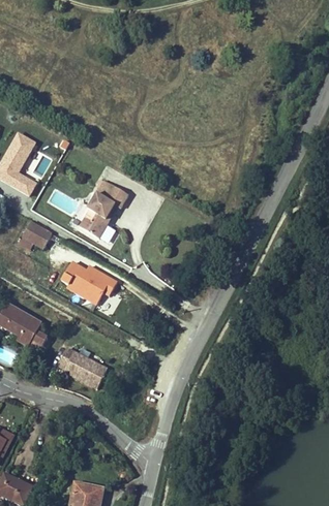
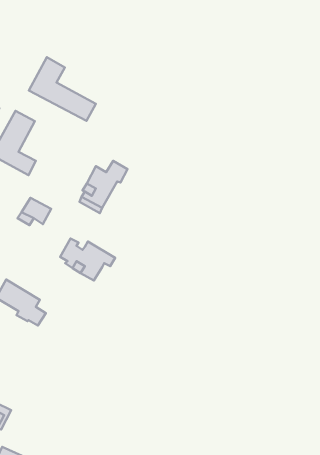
building: none -> [29,57,96,121]
building: [55,347,109,390] -> none

